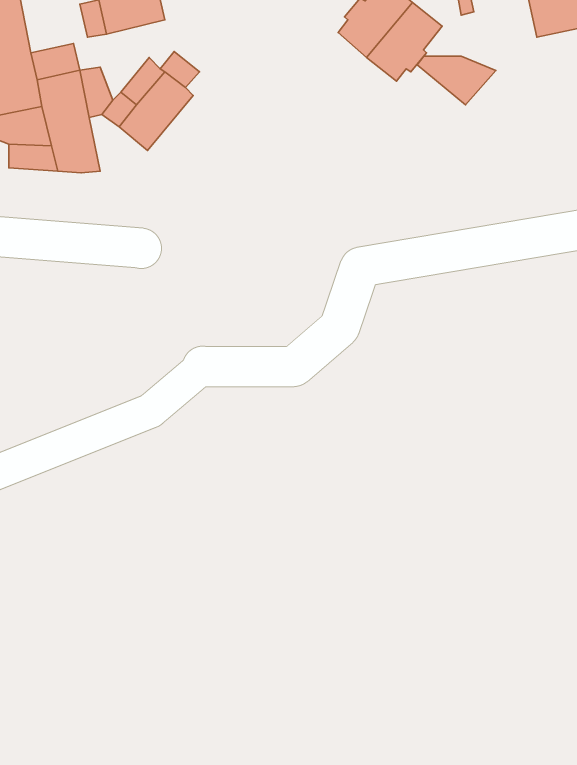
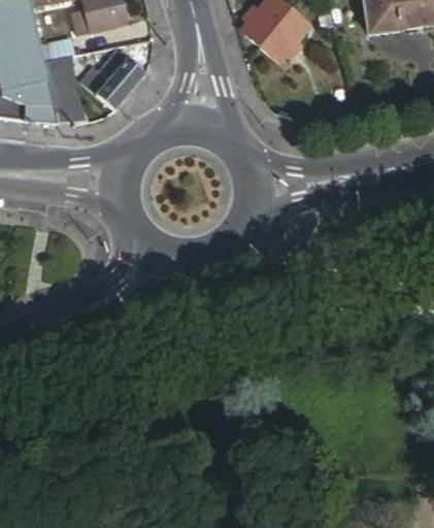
building: [417,56,496,105] -> none

